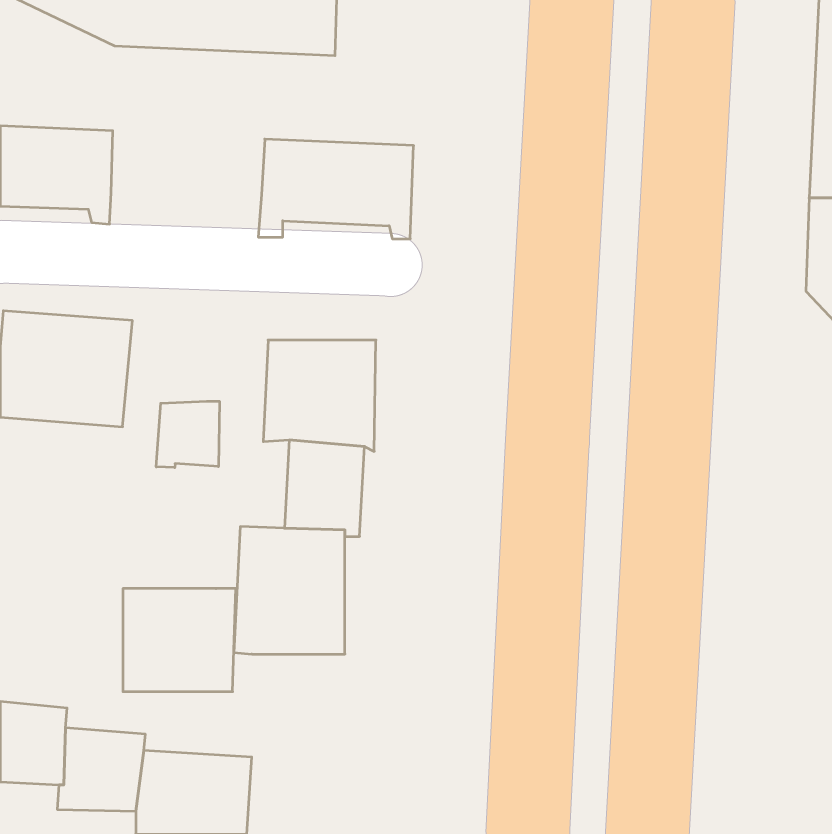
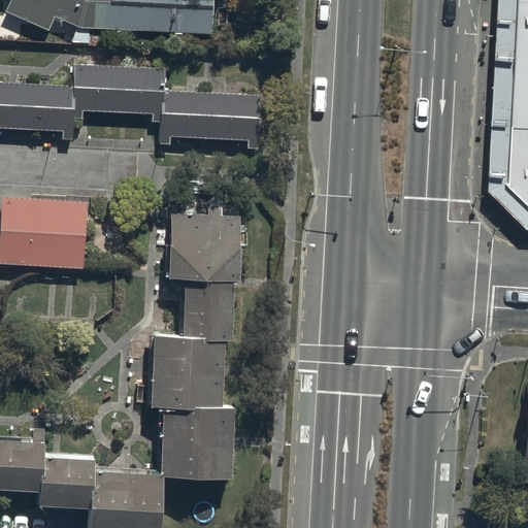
building: none -> [72,61,170,123]
building: [156,401,219,468] -> none
building: [123,589,236,692] -> [161,412,232,477]

